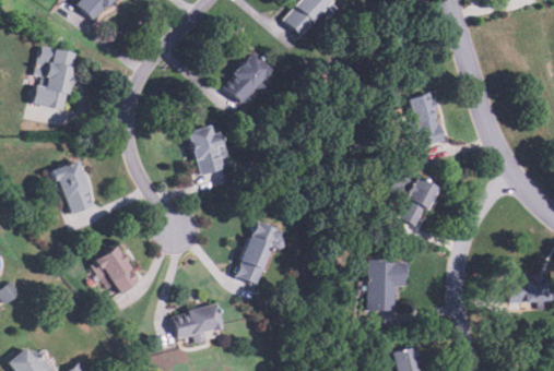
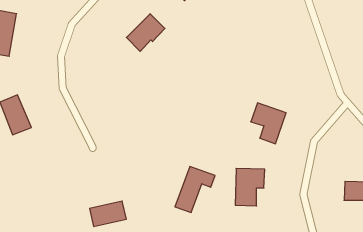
building: [409,93,445,145] -> none
building: [189,125,226,176] -> none
building: [236,222,290,283] -> [175,167,215,212]
building: [94,247,140,296] -> none

